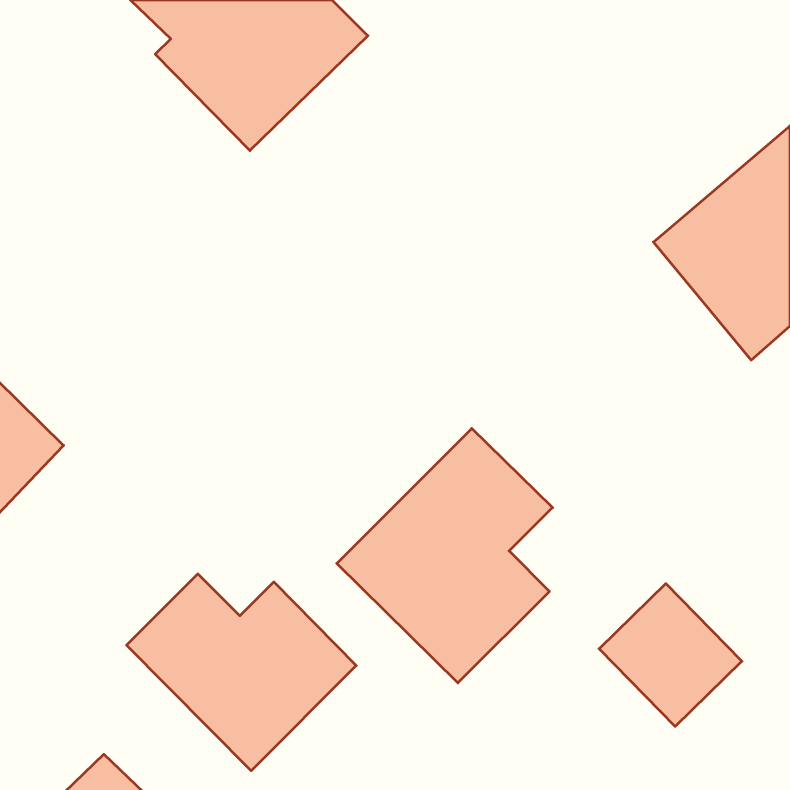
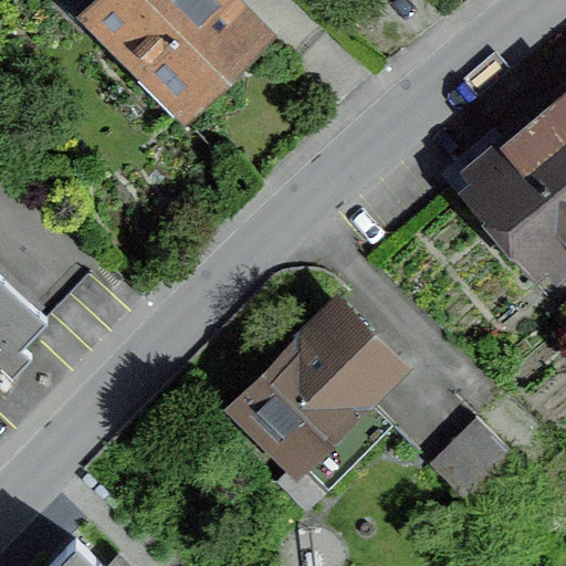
building: [127,574,356,771] -> none

